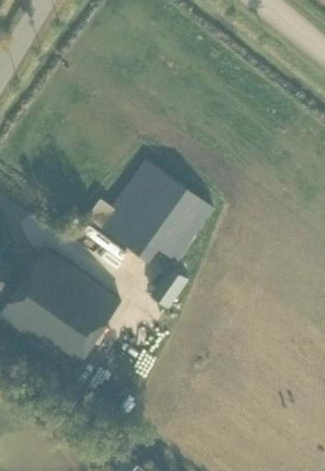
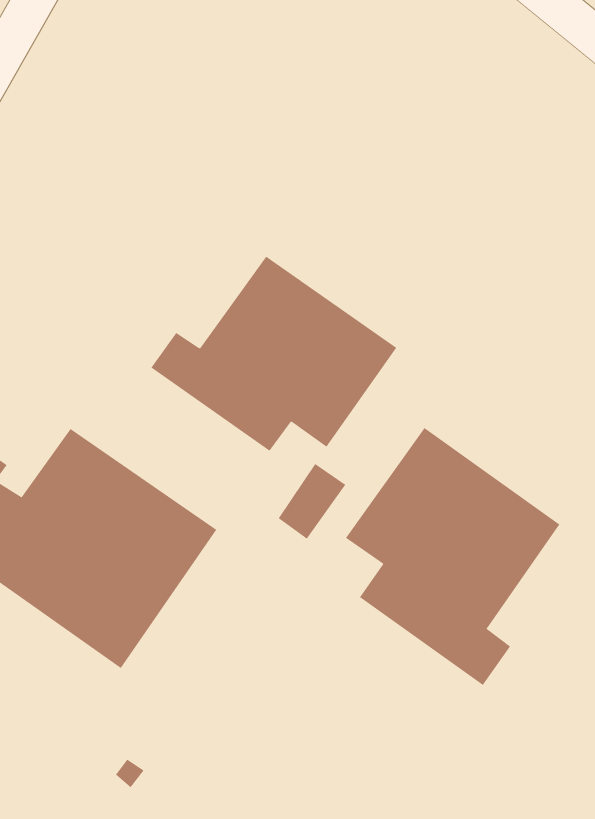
building: none -> [345,427,560,686]

